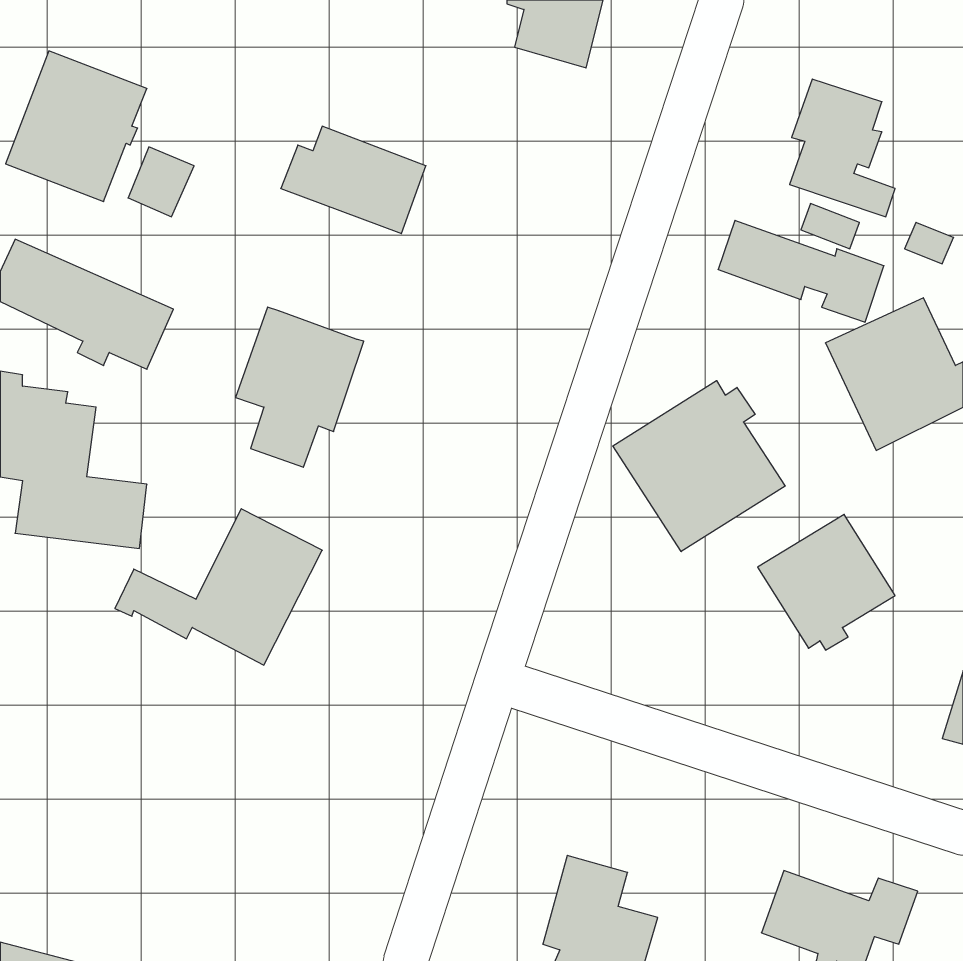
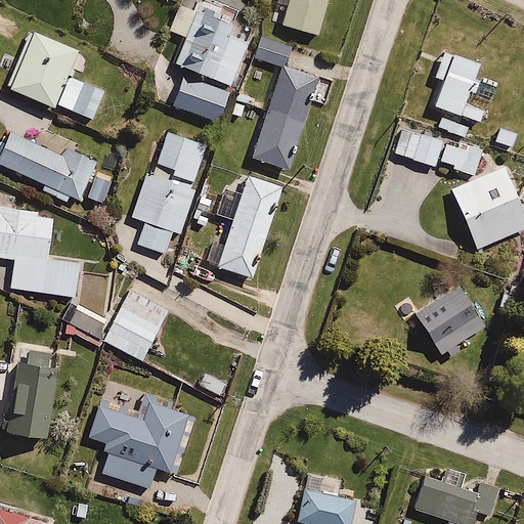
building: none -> [169,5,250,91]
building: none -> [251,29,323,169]
building: none -> [151,129,208,185]
building: none -> [205,176,281,281]
building: [613,381,785,552] -> none
building: none -> [5,362,59,434]
building: none -> [86,397,193,491]

